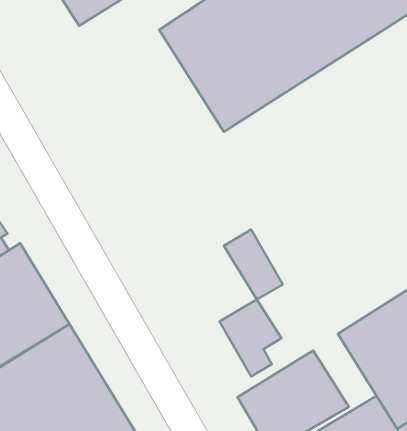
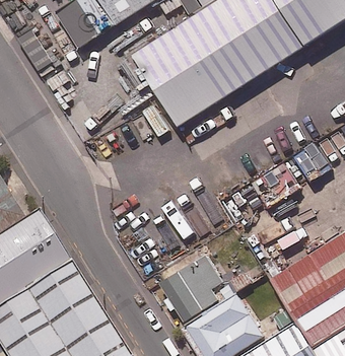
building: [224,229,283,300] -> [157,267,201,318]

